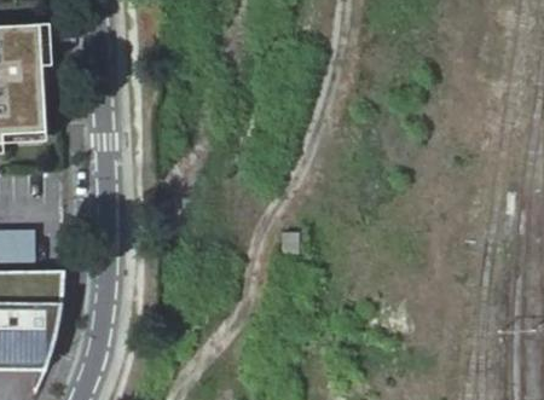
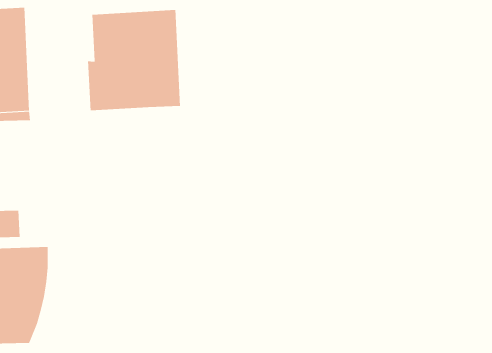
building: none -> [87,9,181,111]

